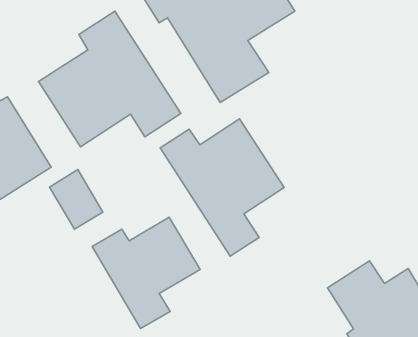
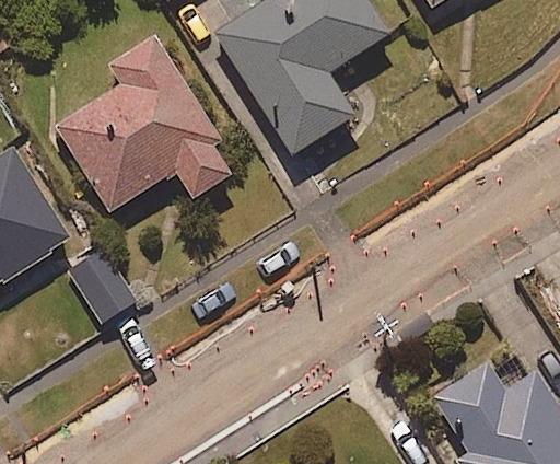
building: [160,119,284,256] -> none
building: [92,217,200,329] -> none

